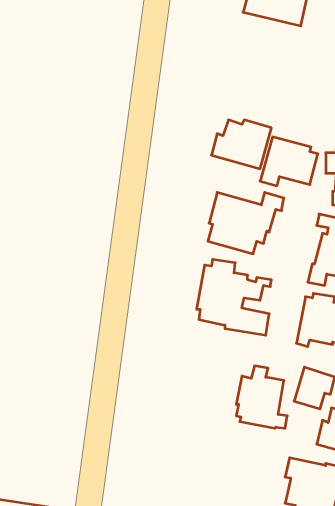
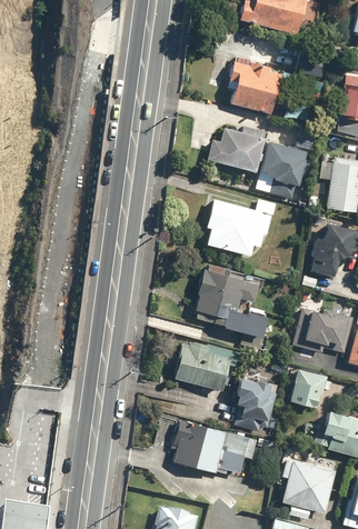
building: none -> [228,54,286,114]
building: none -> [175,340,239,390]
building: none -> [175,421,257,475]

